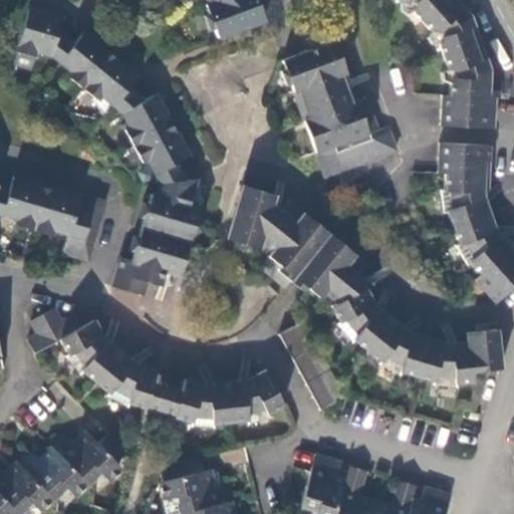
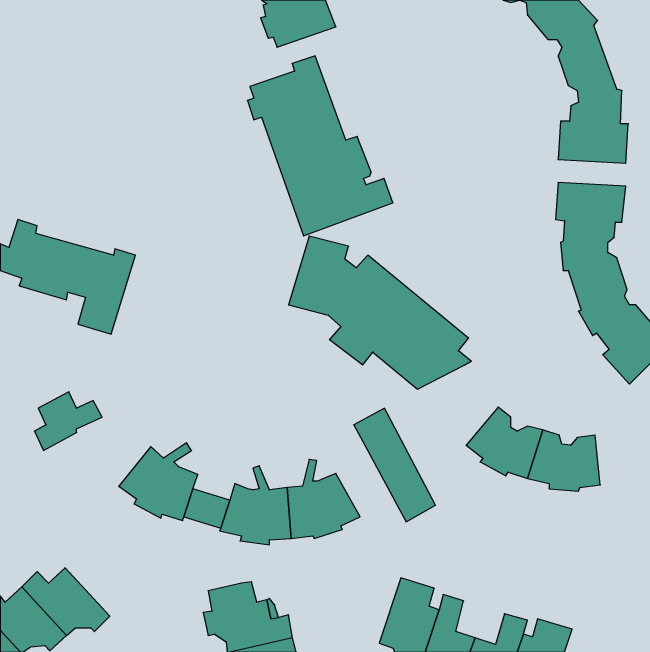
building: [17,9,209,295] -> none
building: [281,36,396,178] -> [247,56,393,236]
building: [330,287,394,350] -> none
building: [62,321,120,382] -> none
building: [469,330,501,371] -> none
building: [53,433,128,485] -> none

